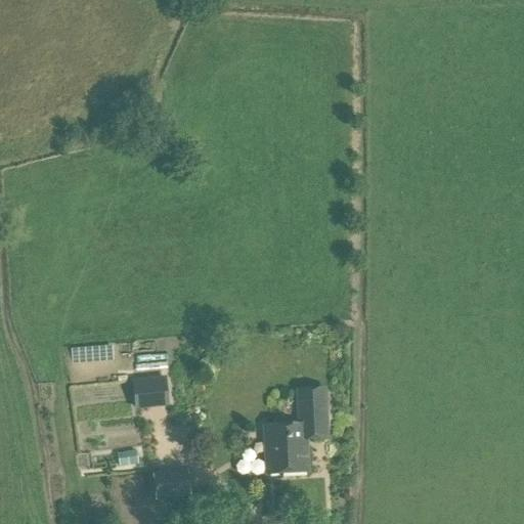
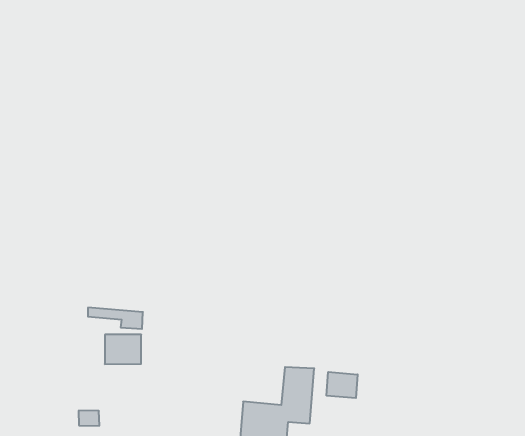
building: none -> [327,372,358,398]

